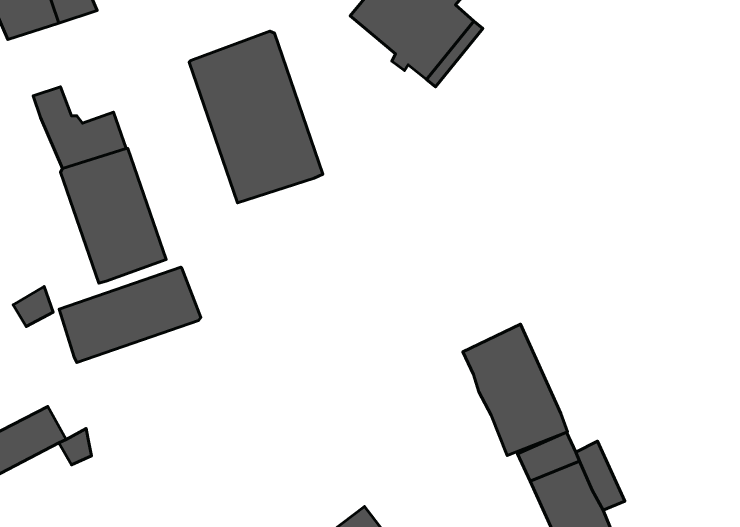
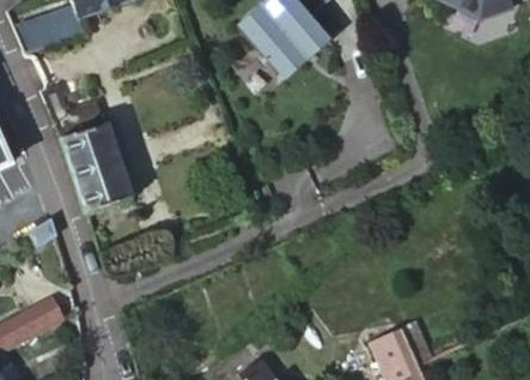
building: [189,31,323,203] -> none
building: [59,267,201,362] -> none
building: [463,324,568,455] -> none

